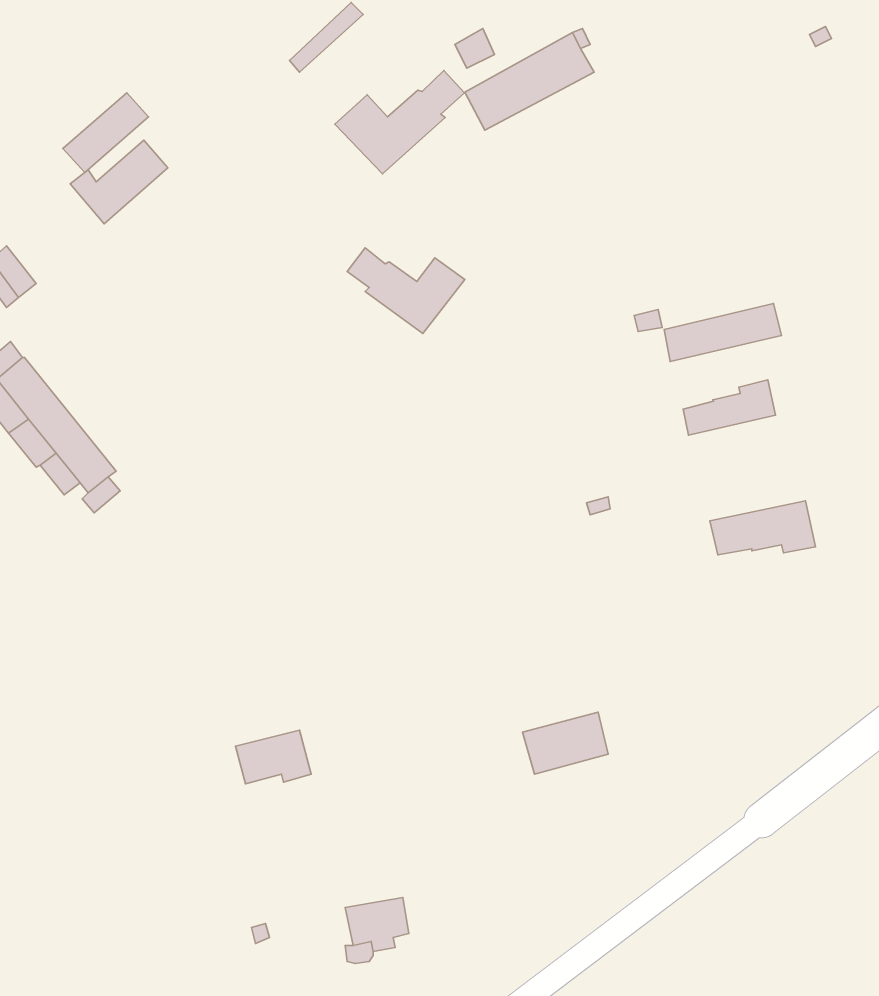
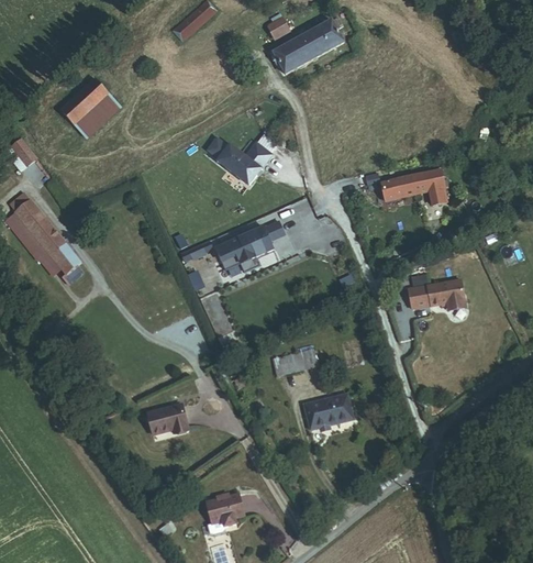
building: [335,71,464,174] -> none
building: [63,93,149,173] -> [74,95,121,139]
building: [683,380,776,435] -> none
building: none -> [213,223,282,274]
building: none -> [271,349,317,375]

